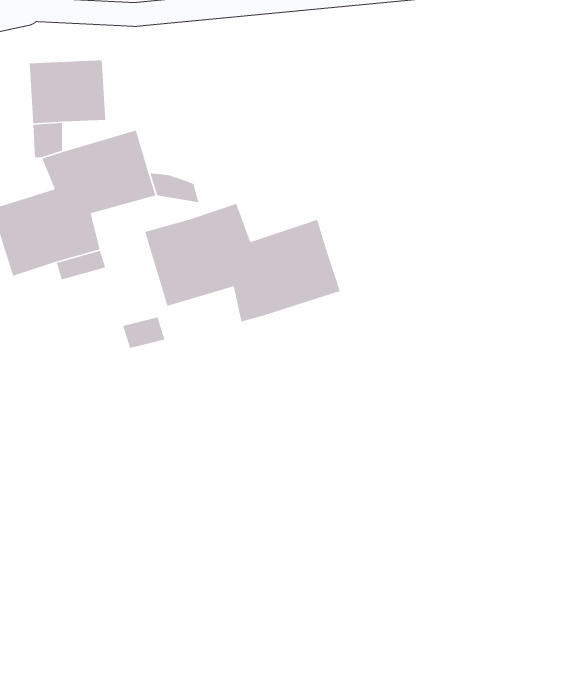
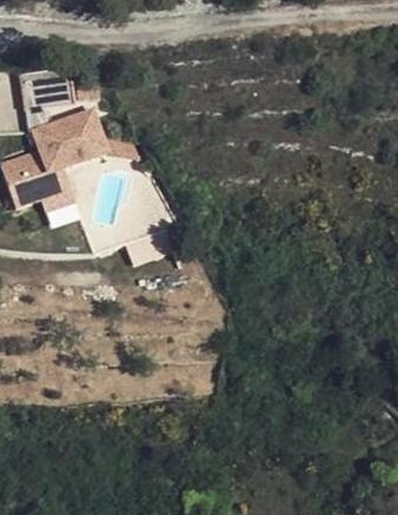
building: [144,203,341,323] -> none

